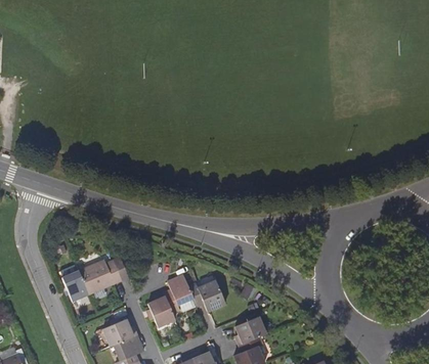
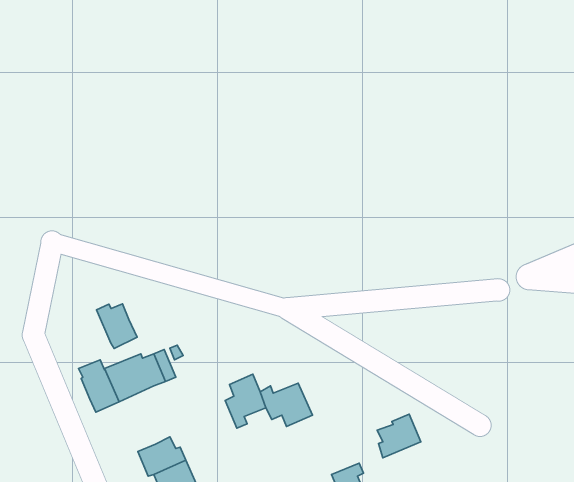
building: none -> [96,304,137,348]
building: [149,292,176,326] -> none
building: [235,314,266,345] -> [377,414,421,458]

